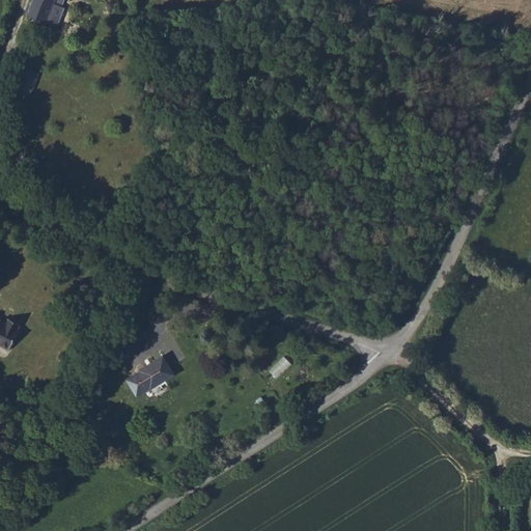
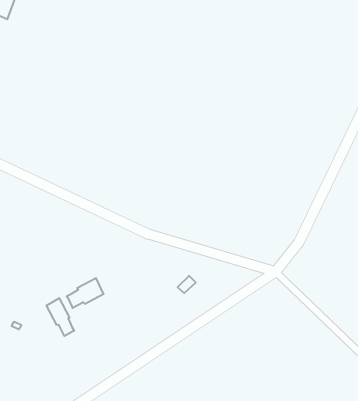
building: none -> [47,298,74,336]

